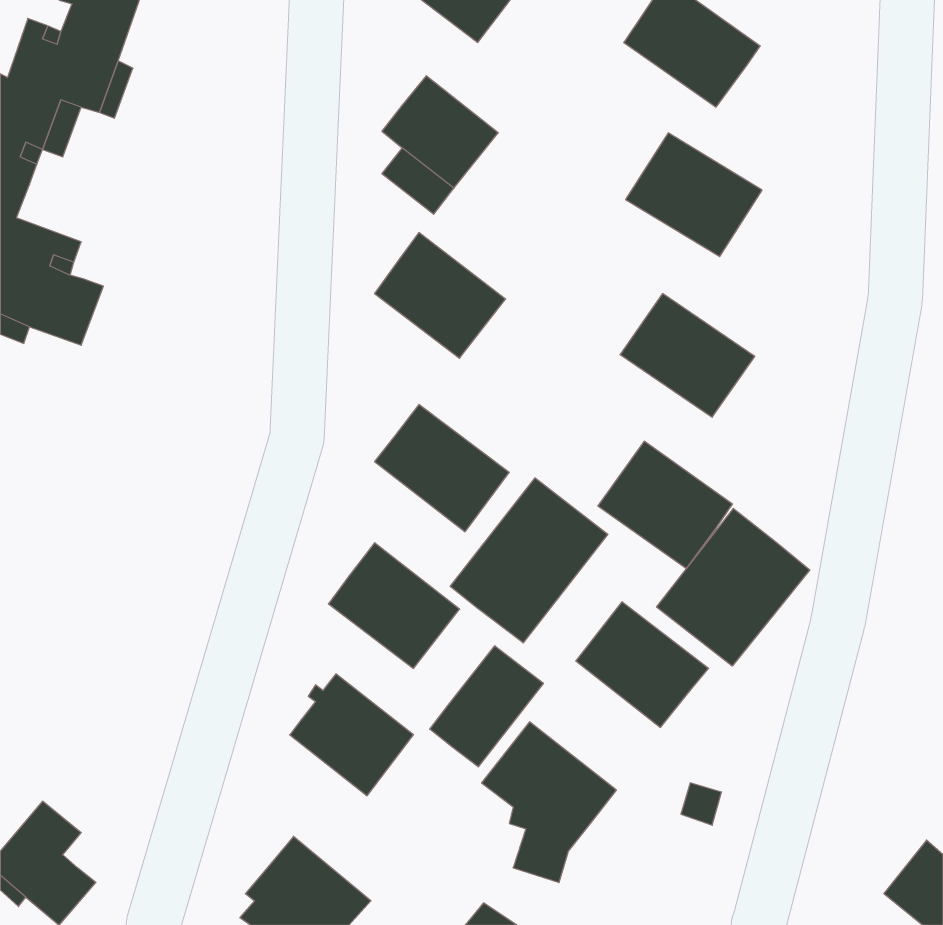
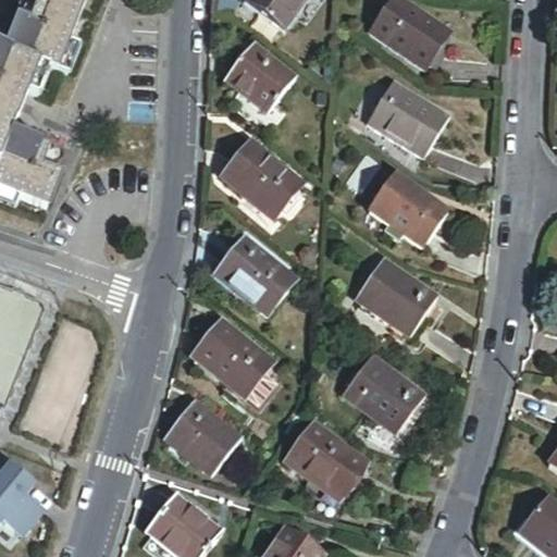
building: [450,478,608,643] -> none
building: [657,508,810,666] -> none
building: [430,646,543,767] -> none

